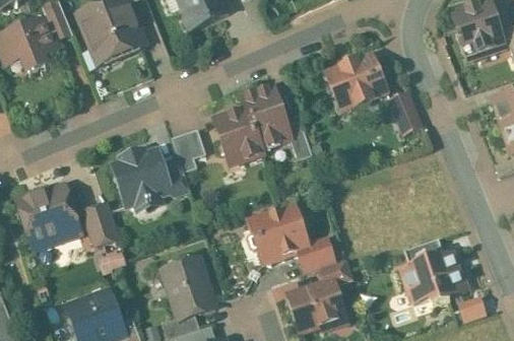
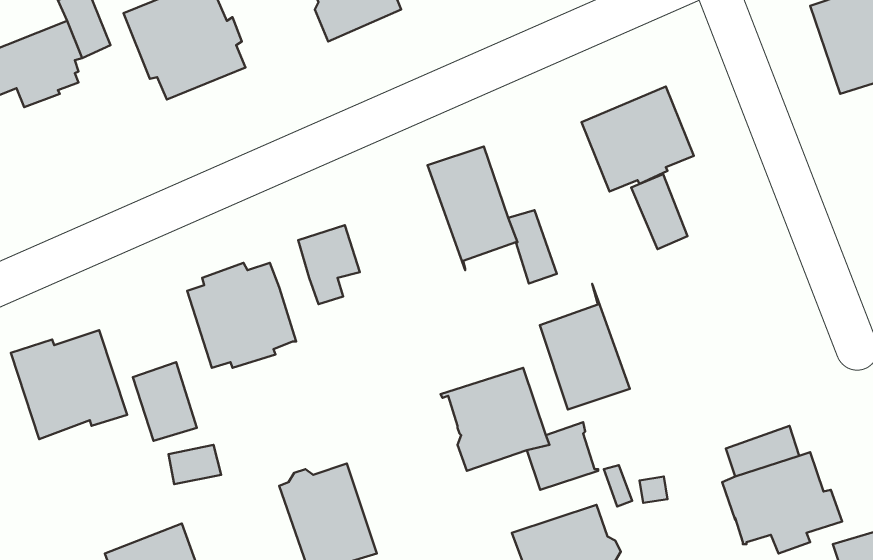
building: [389,91,420,132] -> [631,174,687,249]
building: [213,95,262,163] -> [540,284,630,410]
building: [162,156,189,195] -> none

